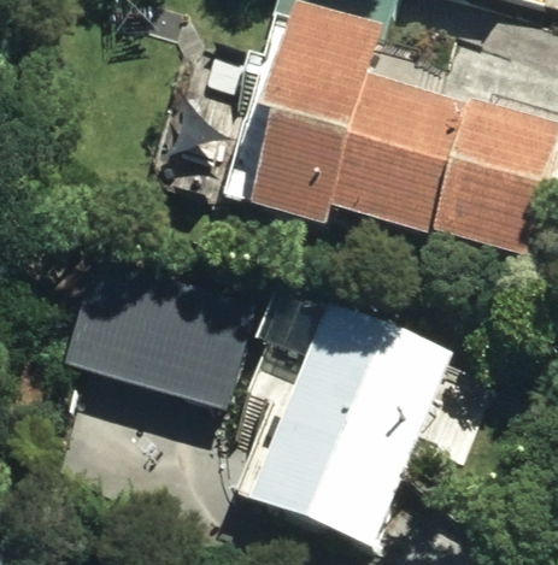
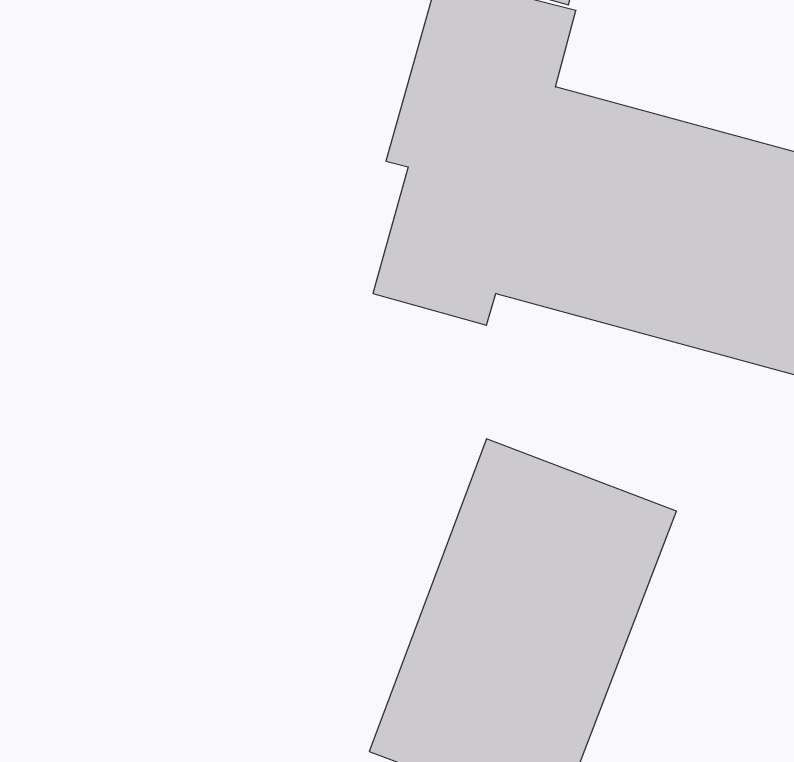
building: [60,260,246,408] -> none

